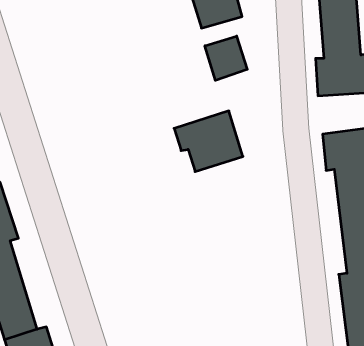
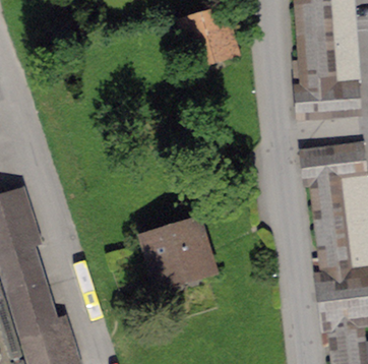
building: [205,36,247,80] -> none
building: [174,111,243,172] -> [147,226,207,279]

